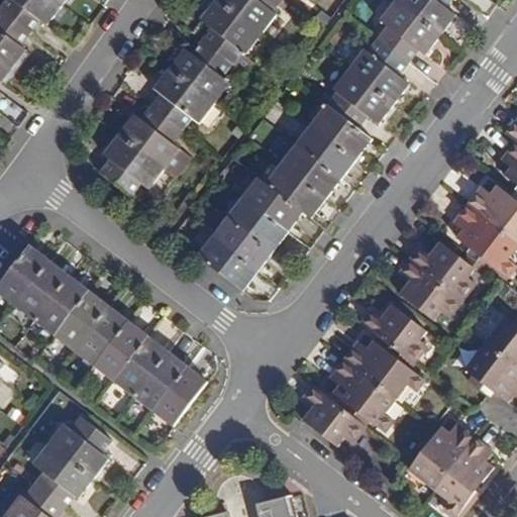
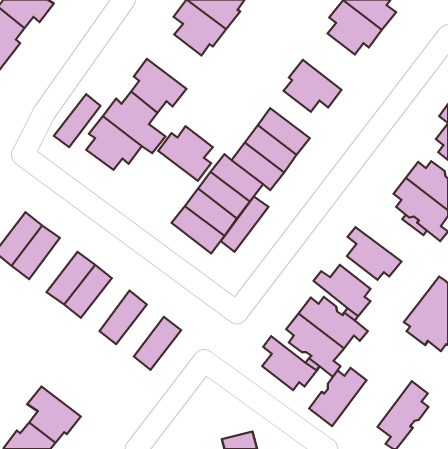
building: [347,38,407,103] -> none
building: [169,39,231,102] -> [158,126,213,181]
building: [310,104,371,159] -> none
building: none -> [54,94,101,147]
building: none -> [221,196,269,252]
building: [408,241,474,300] -> none
building: [33,273,89,335] -> none
building: [93,319,148,380] -> none
building: [133,349,188,409] -> none
building: [47,417,111,478] -> none
building: [407,423,473,490] -> [309,368,366,426]

